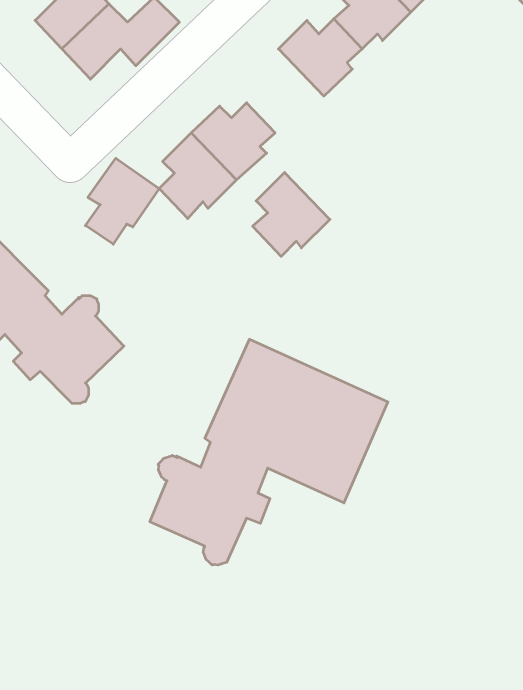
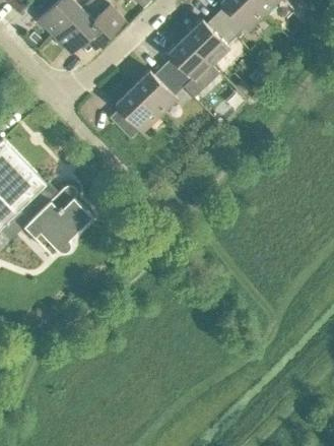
building: [85,158,159,244] -> none
building: [253,172,330,256] -> [165,37,212,87]
building: [150,339,388,565] -> none

